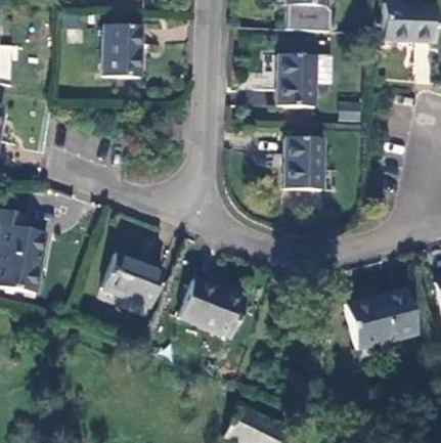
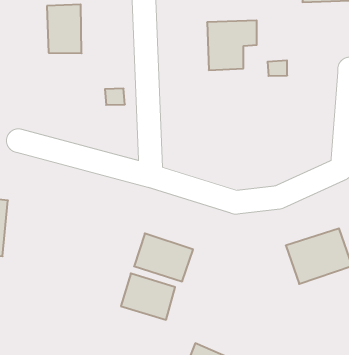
building: [284,136,324,190] -> none
building: [102,252,163,305] -> [121,273,175,320]

